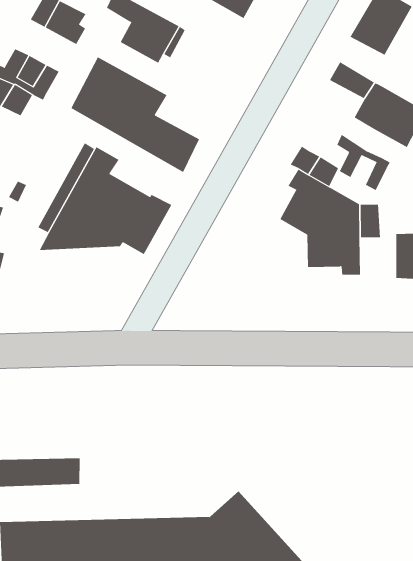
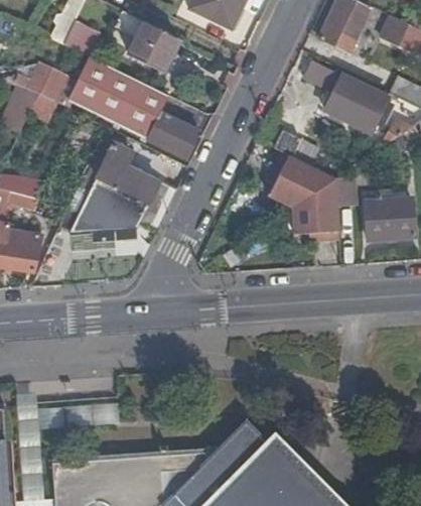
building: none -> [68,56,110,111]
building: [337,134,391,191] -> none

